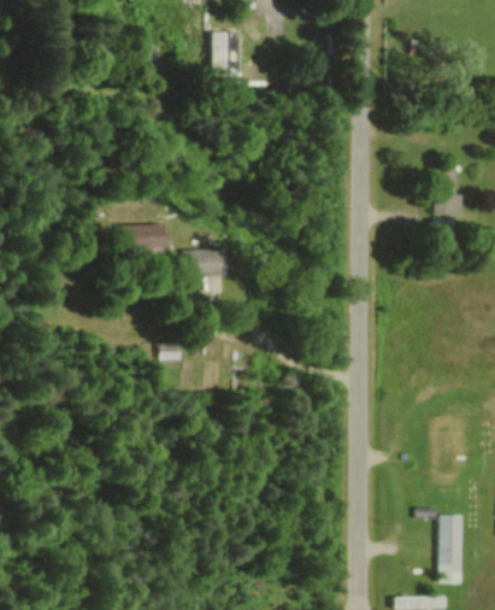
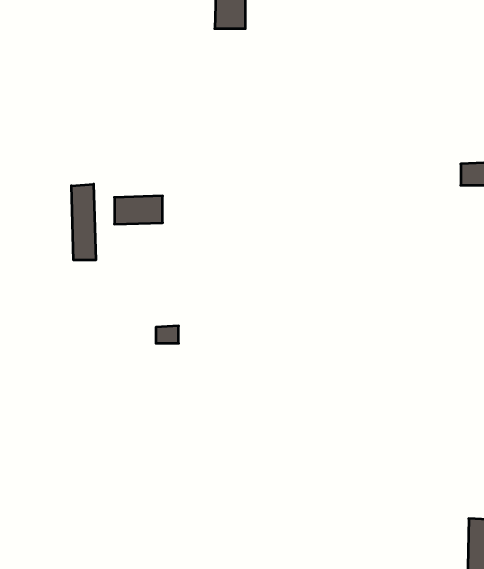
building: none -> [71,184,96,260]
building: [181,250,228,276] -> none

